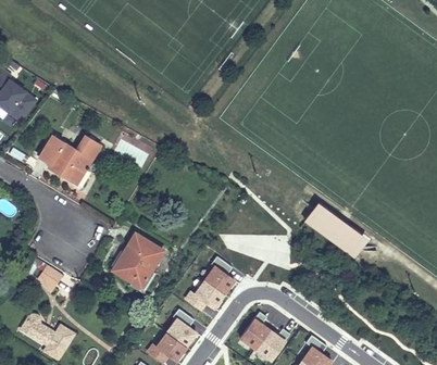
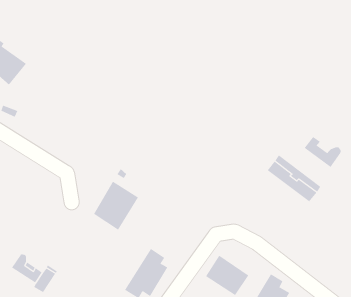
building: [39,137,101,191] -> none
building: none -> [304,136,341,168]
building: [184,262,237,313] -> none
building: [35,265,64,293] -> none

